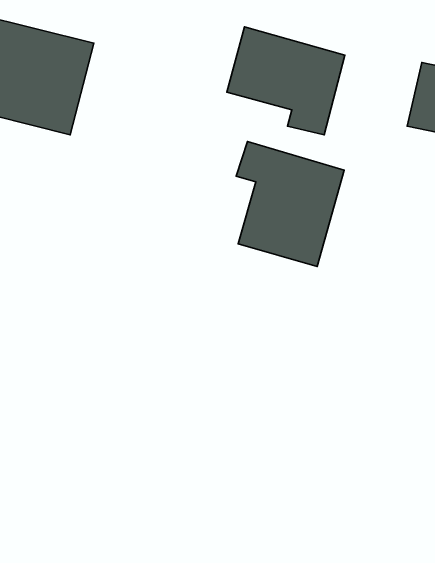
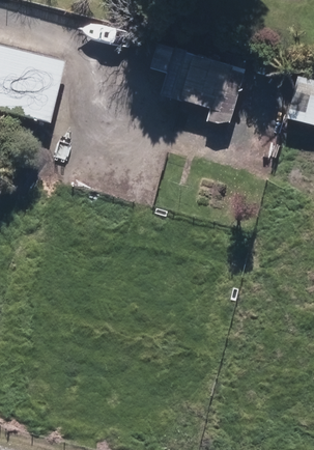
building: [236,142,344,266] -> none

